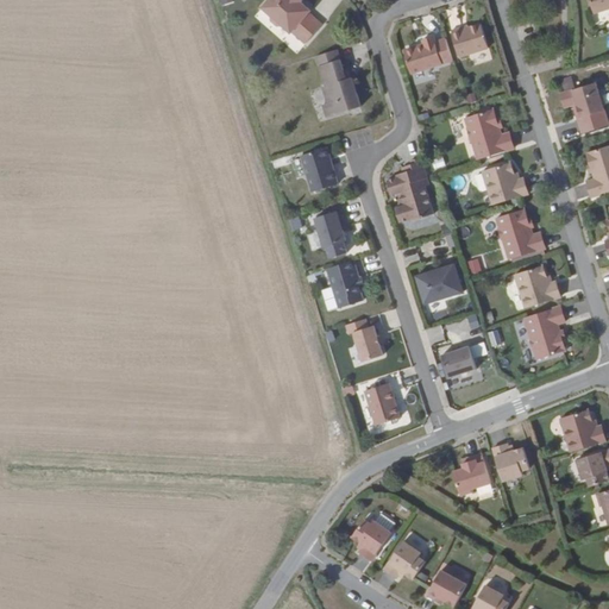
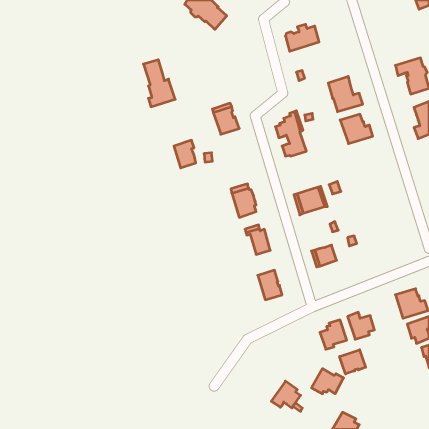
building: [450,23,486,56] -> none
building: [315,49,360,115] -> [143,60,175,107]
building: [315,208,346,247] -> [174,140,196,168]
building: [496,208,546,258] -> none
building: [515,264,561,307] -> none
building: [525,306,566,359] -> none
building: none -> [340,350,366,374]
building: [352,519,391,559] -> none
building: [427,567,472,603] -> [312,369,344,394]

